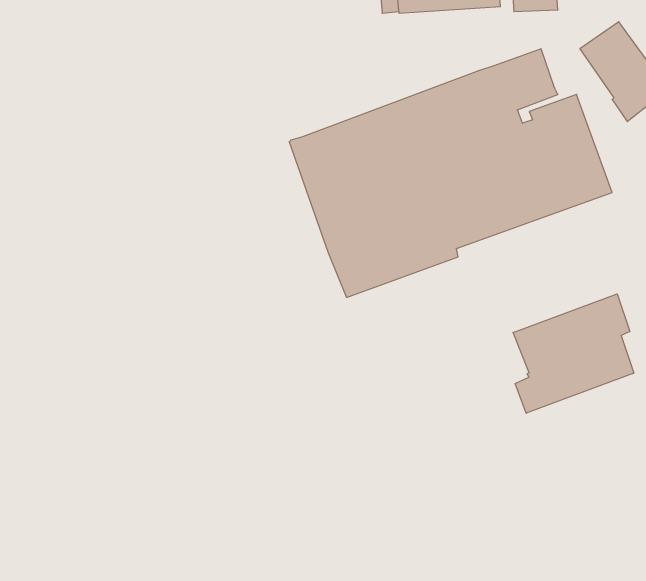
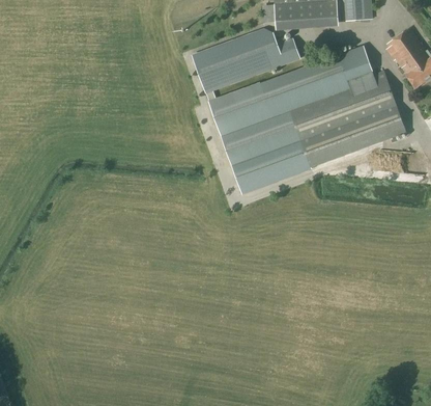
building: none -> [193,29,300,101]
building: [513,294,634,413] -> none

